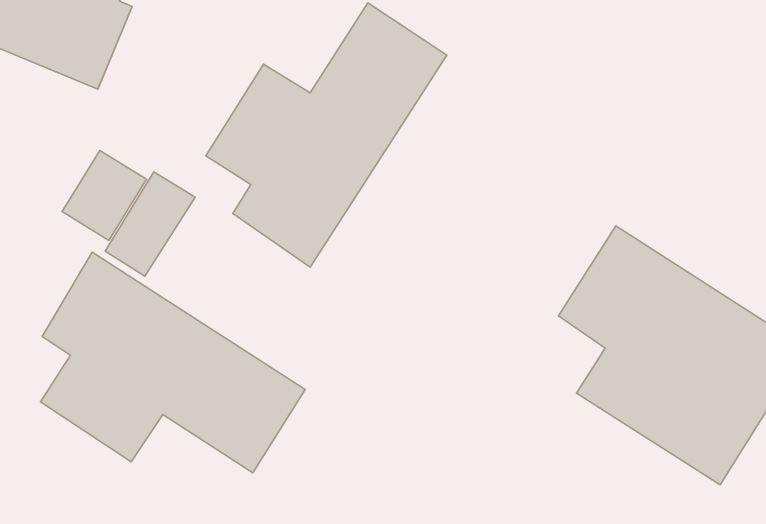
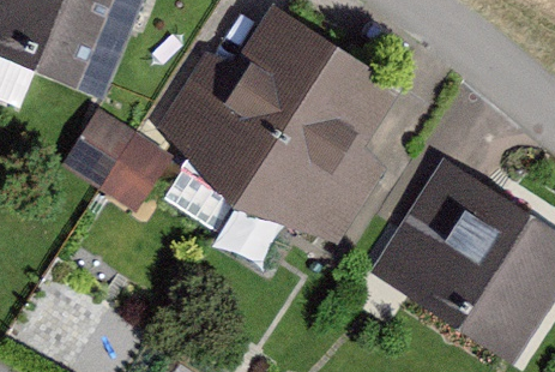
building: none -> [235,54,380,229]
building: [40,252,305,473] -> none

